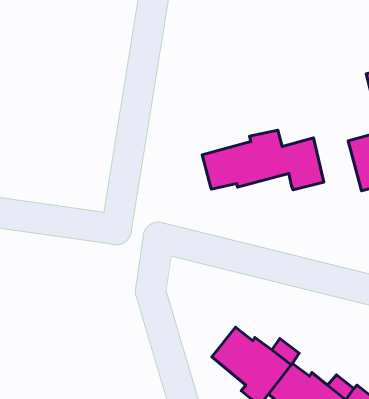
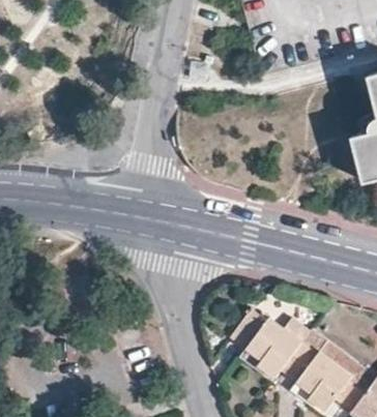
building: [202,130,324,190] -> none

